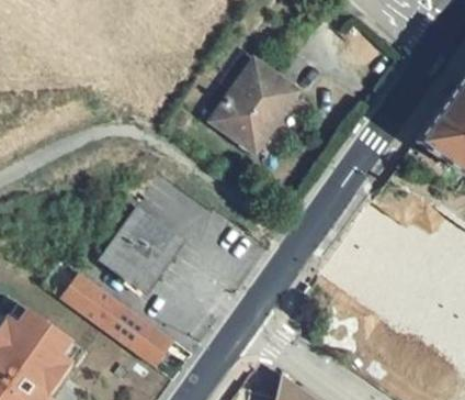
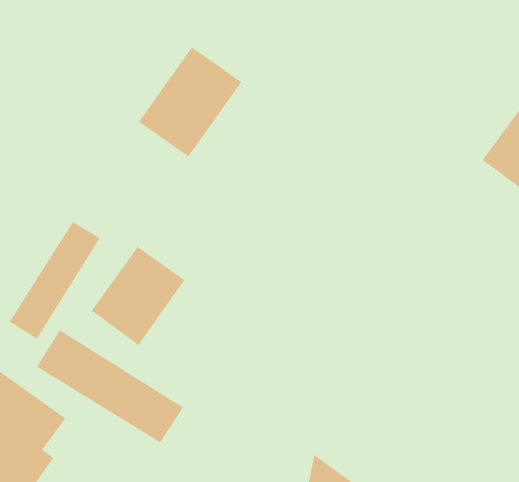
building: [213,60,296,149] -> [138,46,242,157]
building: none -> [9,221,100,340]

